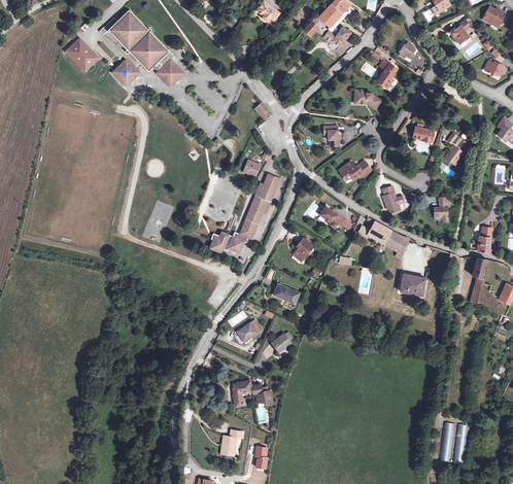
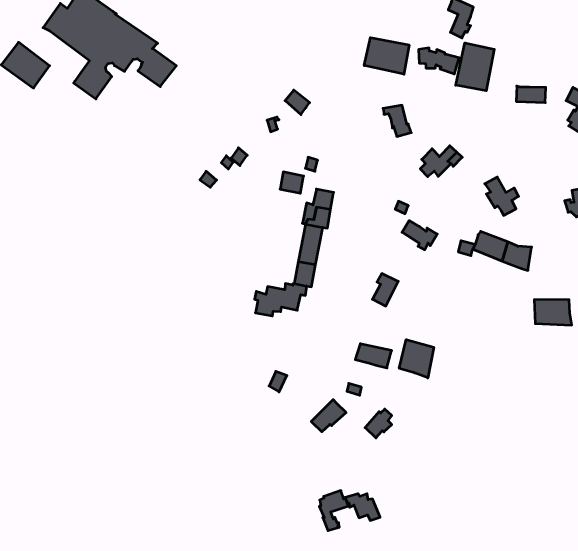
building: none -> [364,38,409,74]
building: none -> [456,43,494,91]
building: none -> [399,340,434,378]

